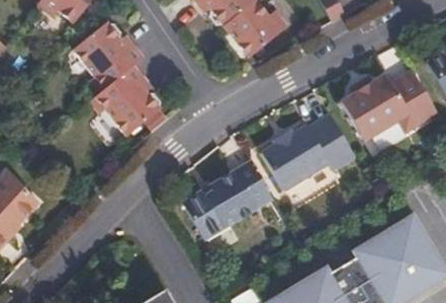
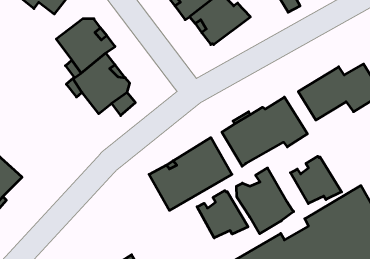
building: none -> [290,156,342,204]
building: none -> [236,168,294,234]
building: none -> [197,191,248,238]

